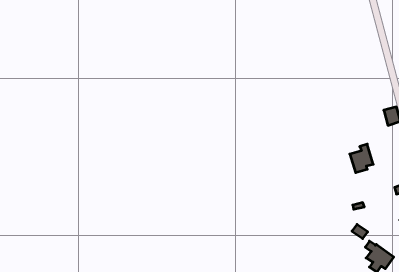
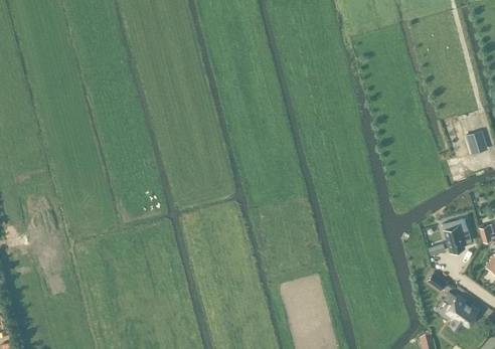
building: [350,144,373,173] -> [443,216,471,250]

